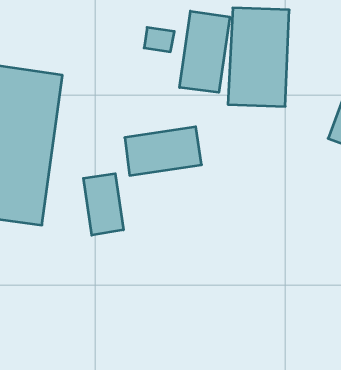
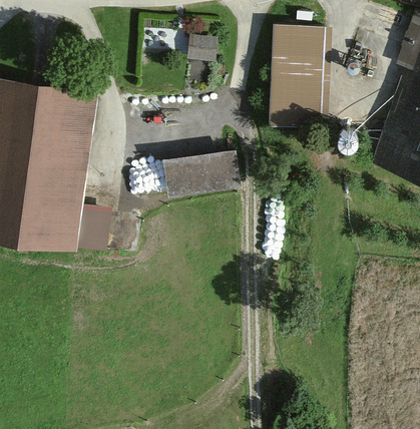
building: [180,11,230,92] -> none
building: [83,174,123,235] -> none

